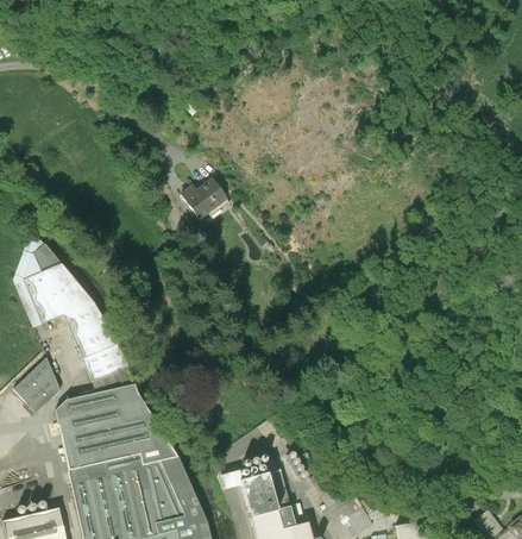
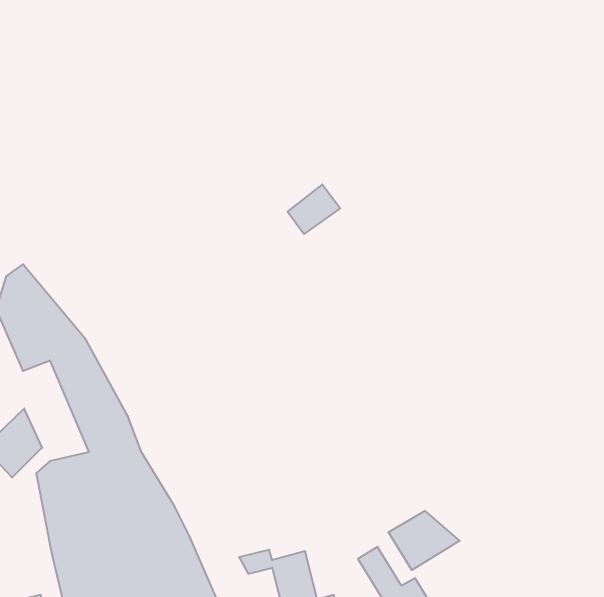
building: [185,182,227,221] -> [288,184,340,234]
building: none -> [388,511,460,570]

